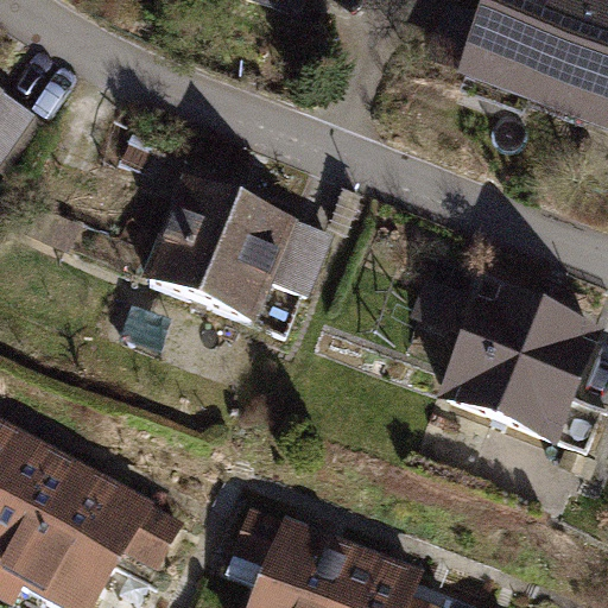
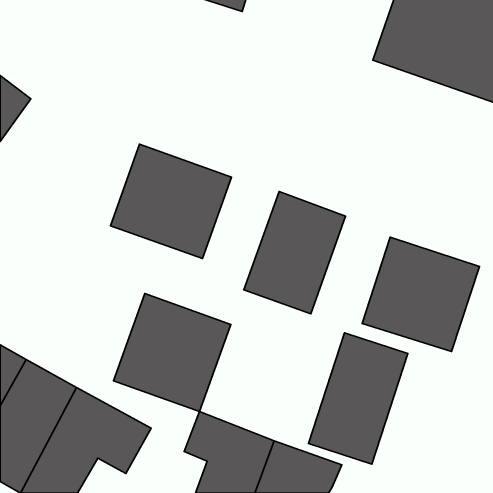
building: none -> [244,191,345,314]
building: none -> [114,294,231,412]
building: none -> [308,333,408,464]

